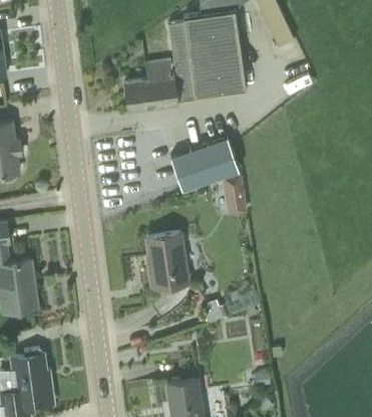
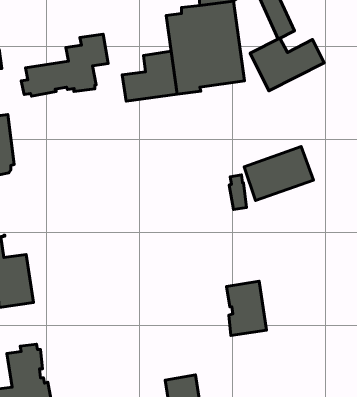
building: none -> [21,34,108,96]
building: none -> [250,38,324,91]
building: [171,139,240,192] -> [244,146,314,200]
building: [148,233,188,286] -> [227,281,266,335]

